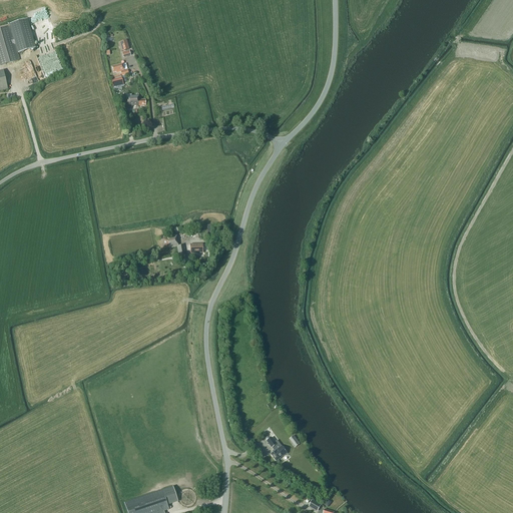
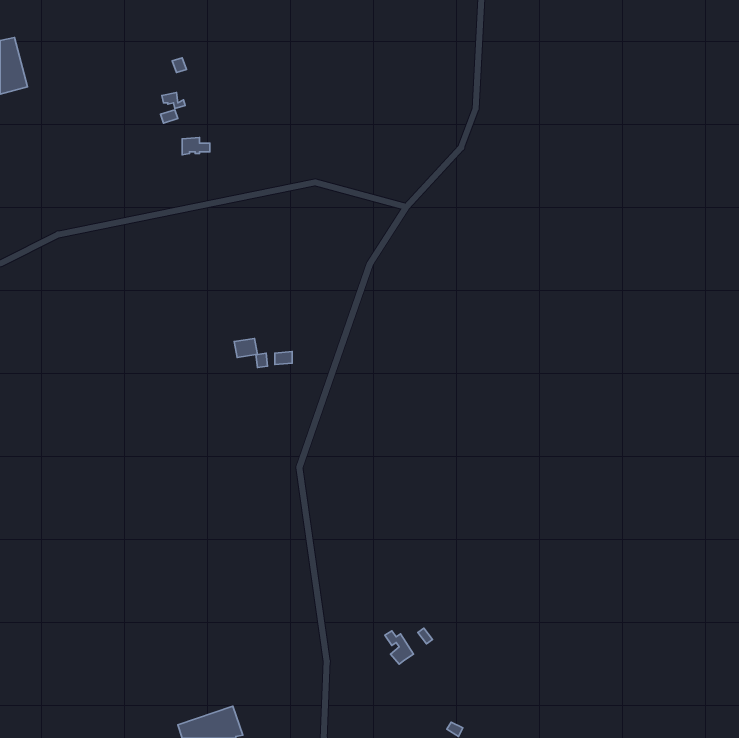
building: [9,18,35,52] -> none

